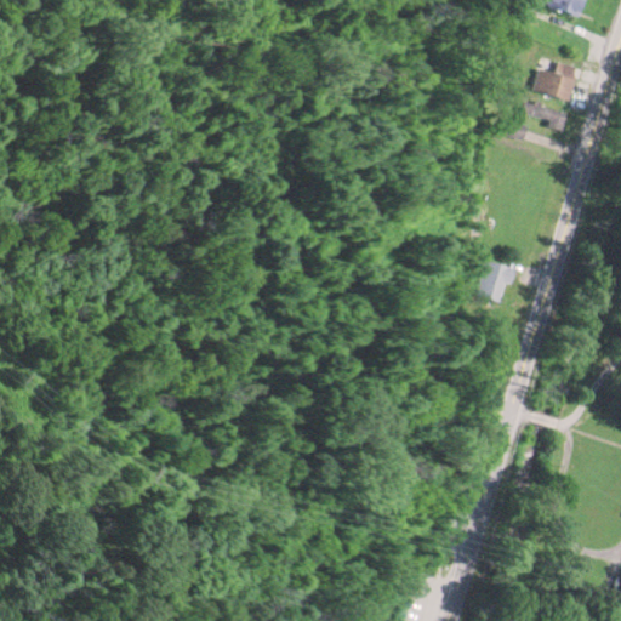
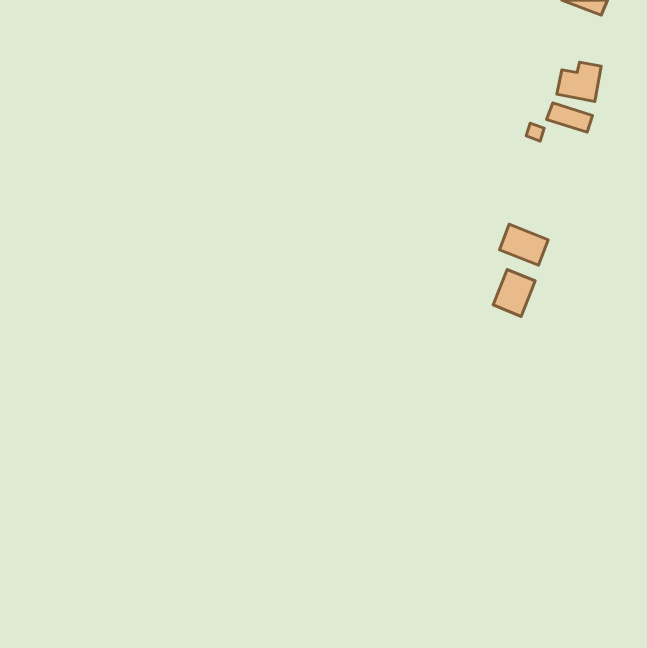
building: none -> [499,224,548,265]

